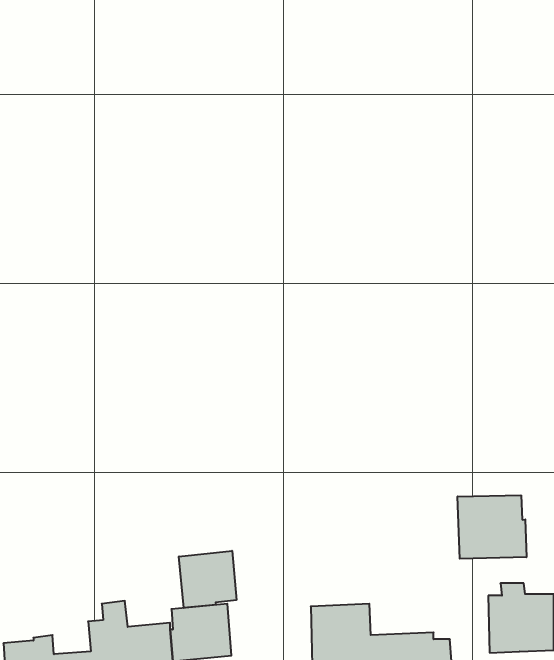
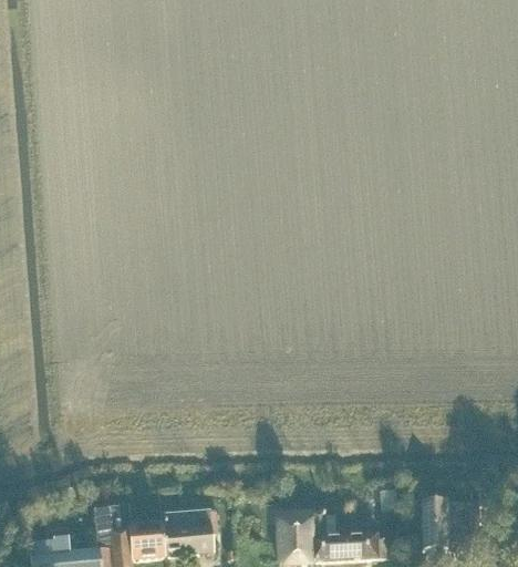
building: [458,495,526,559] -> none
building: [179,551,236,608] -> none

